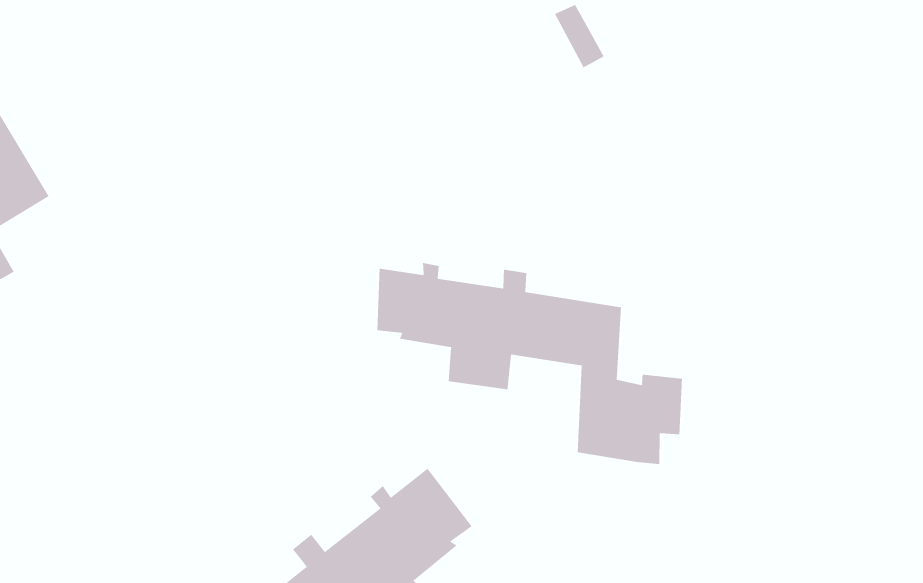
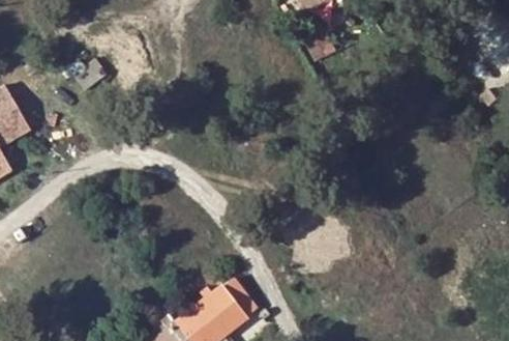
building: [377,262,683,465] -> none

